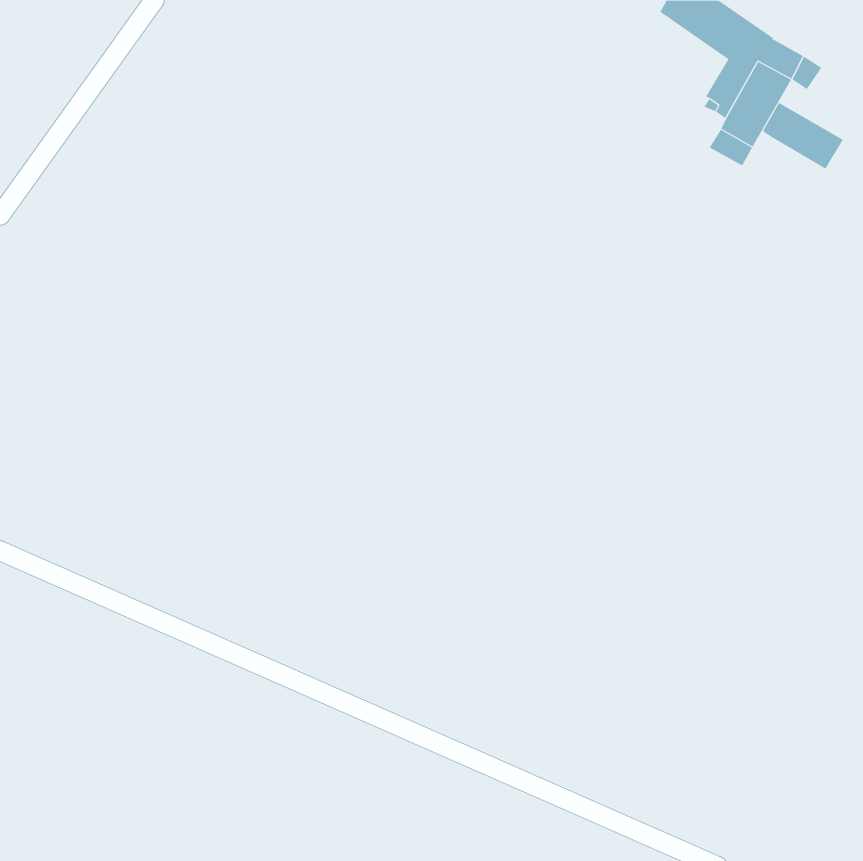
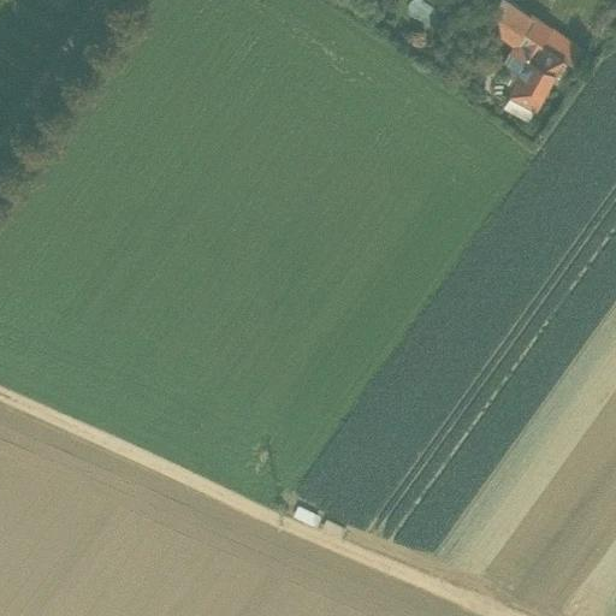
building: [762,102,844,170] -> none

